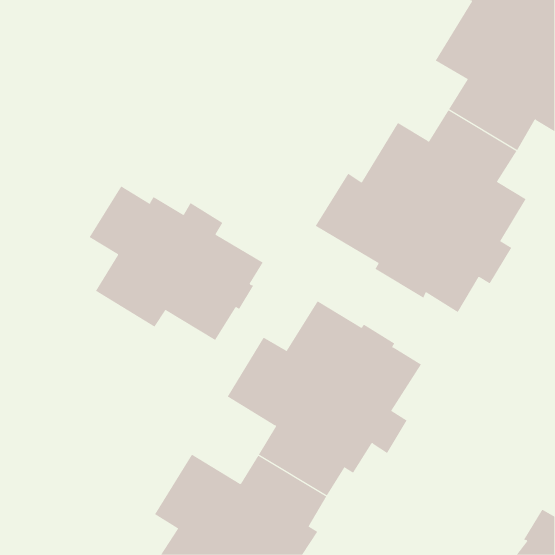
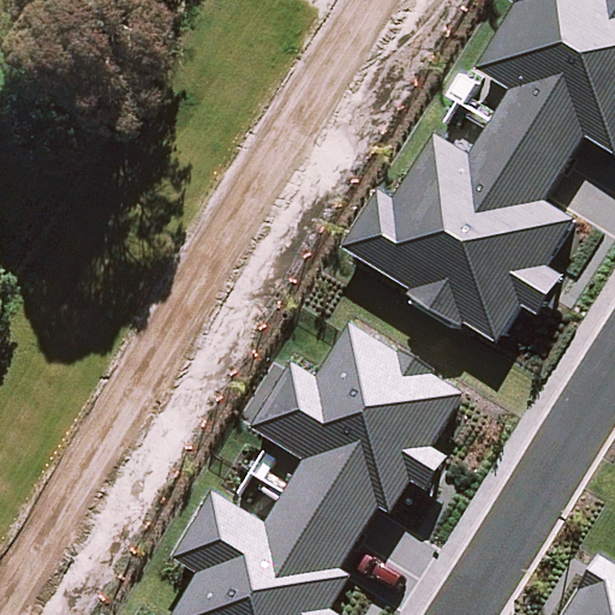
building: [89,186,263,341] -> none

